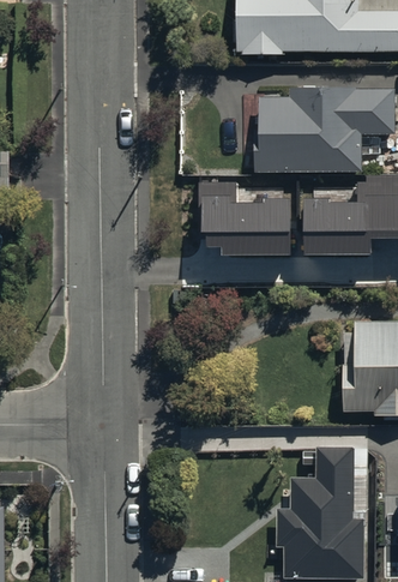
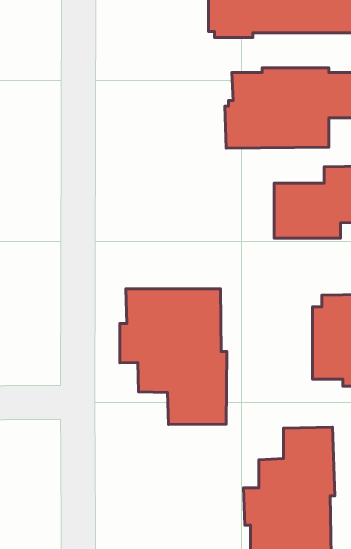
building: [199,187,291,259] -> none
building: none -> [120,289,227,424]

